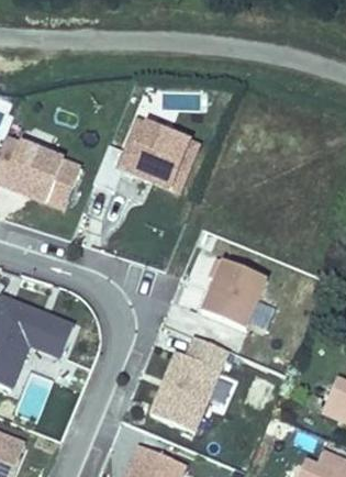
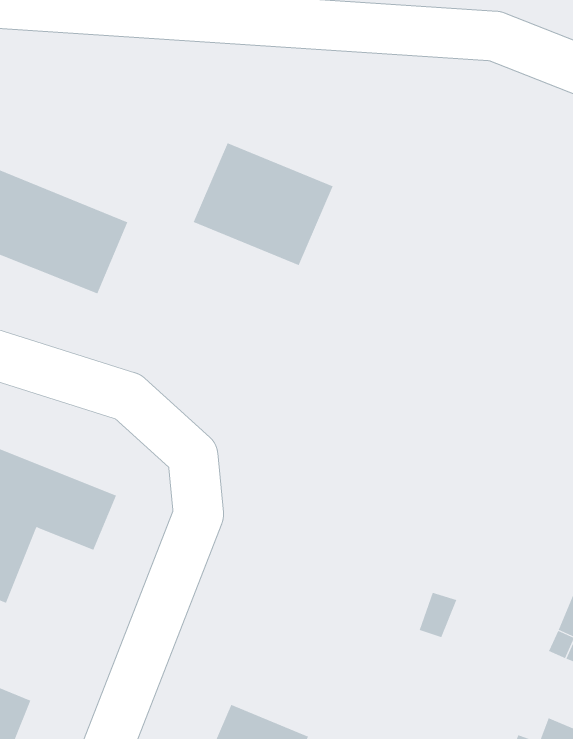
building: [201,256,267,328] -> none
building: [149,350,220,430] -> none

